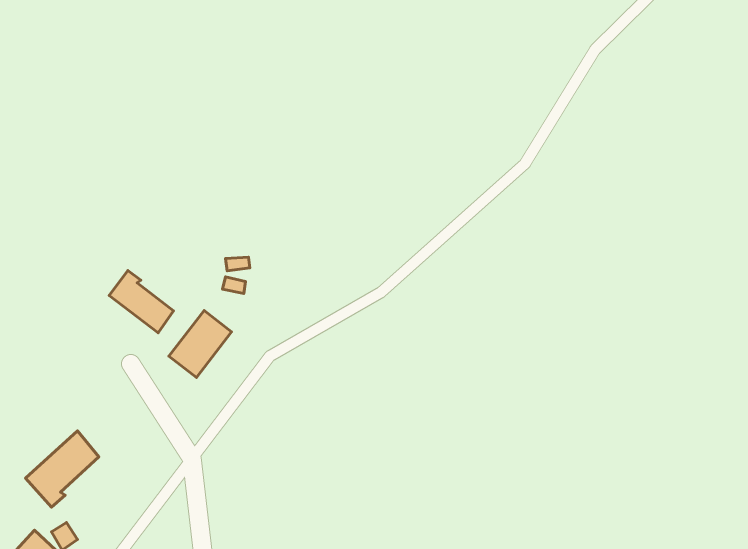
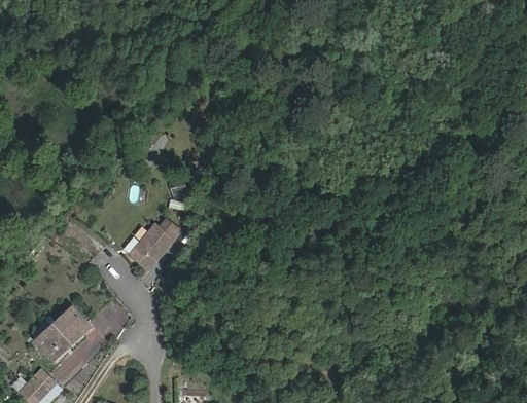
building: [109,271,173,333] -> none

